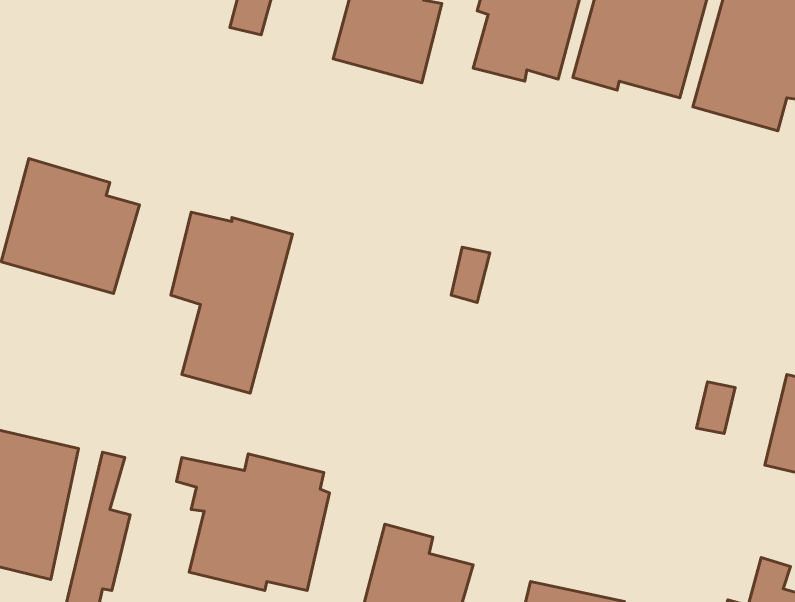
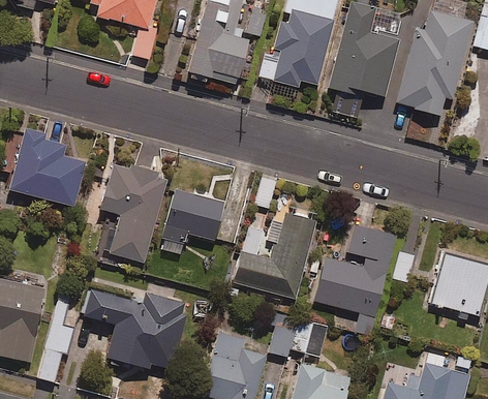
building: none -> [160,184,232,241]
building: none -> [231,209,314,295]
building: none -> [316,226,397,337]
building: none -> [270,317,328,359]

